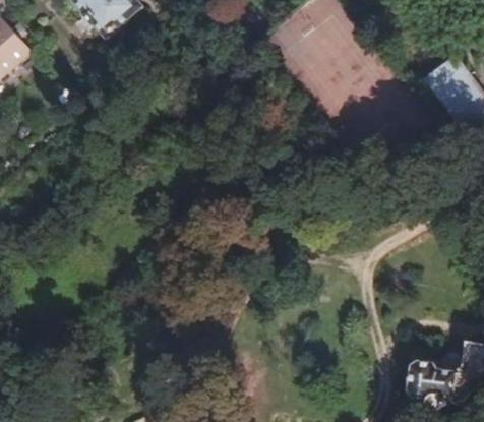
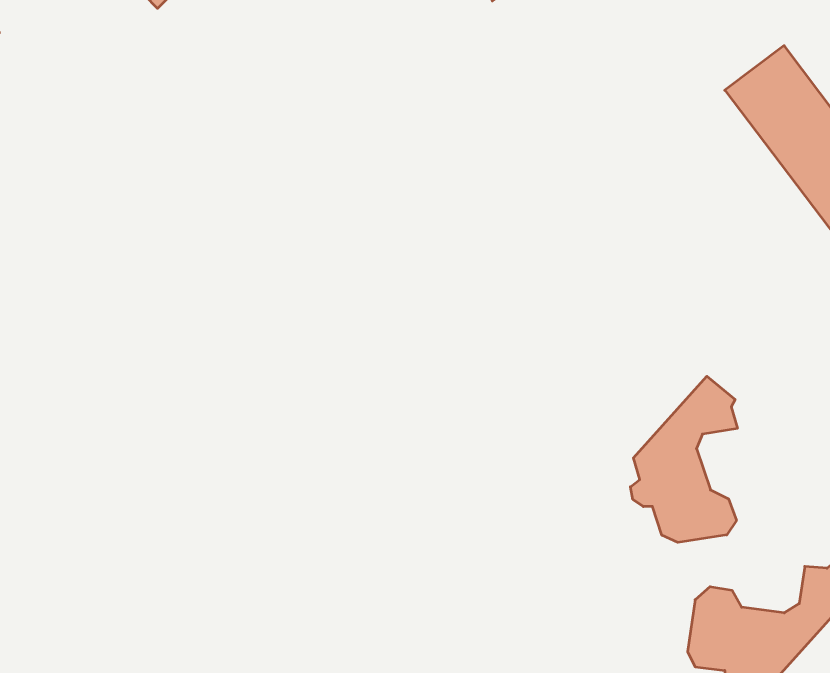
building: none -> [630,376,737,542]

